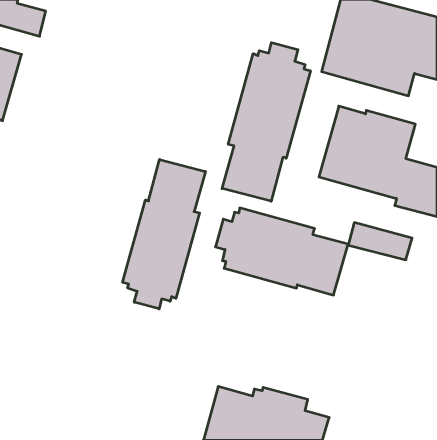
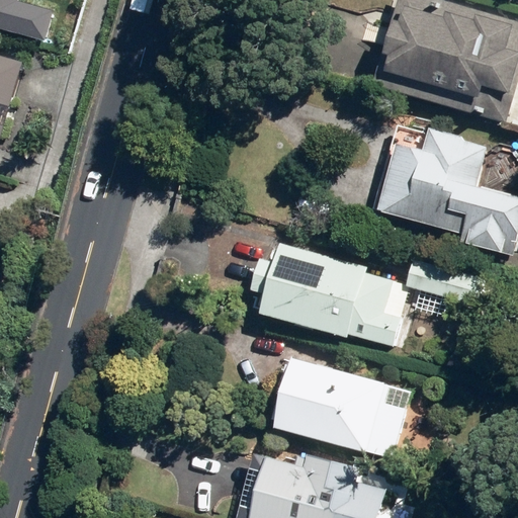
building: [222,43,310,201] -> none
building: [123,159,205,309] -> none
building: none -> [275,360,411,458]

